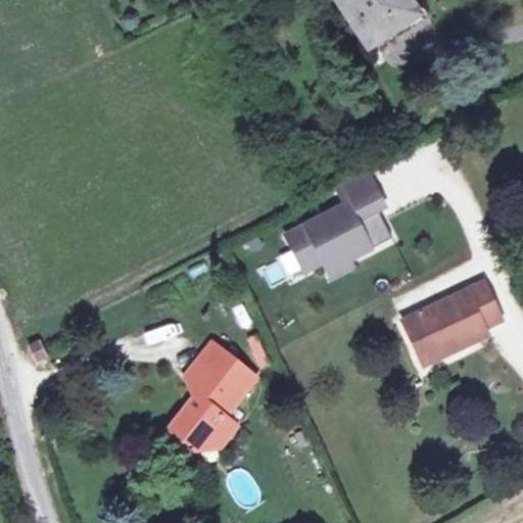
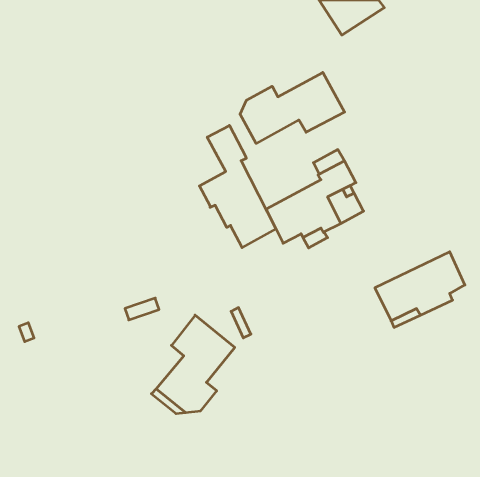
building: none -> [240,72,345,143]
building: none -> [199,125,276,248]

